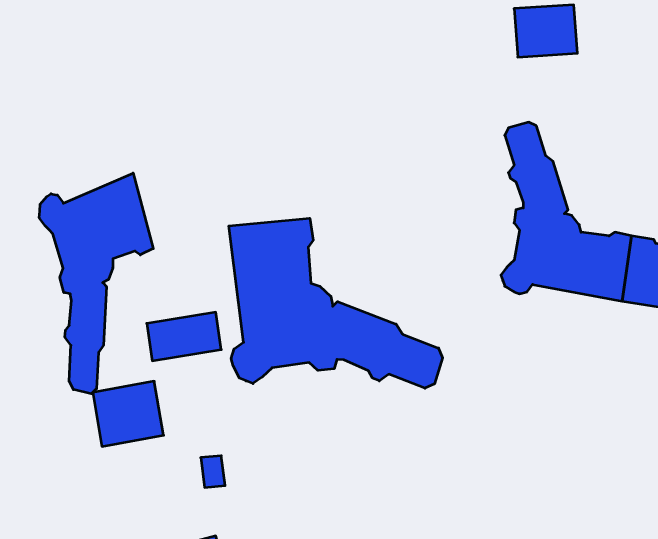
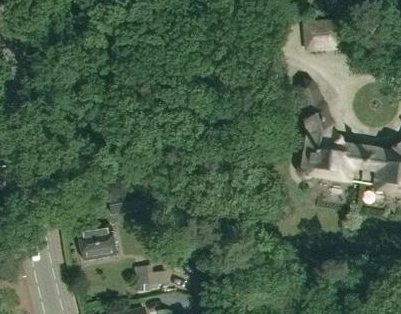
building: [39,173,153,394] -> none
building: [229,218,443,388] -> none

